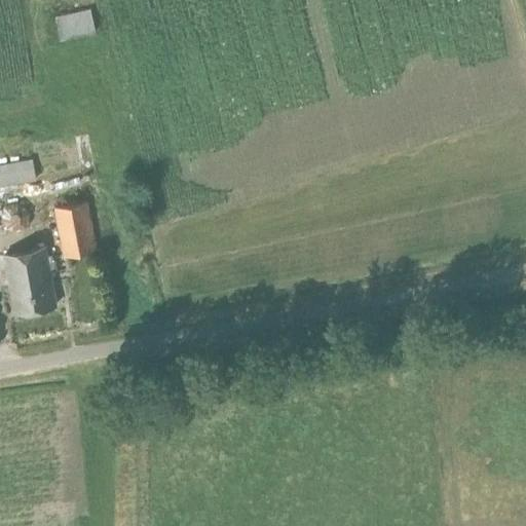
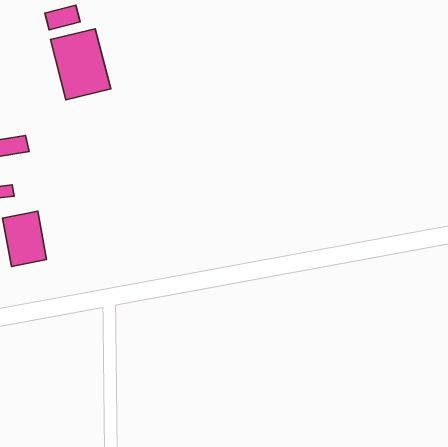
building: none -> [50,29,111,100]
building: [57,204,96,257] -> none

